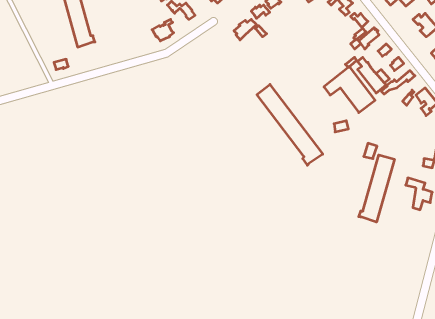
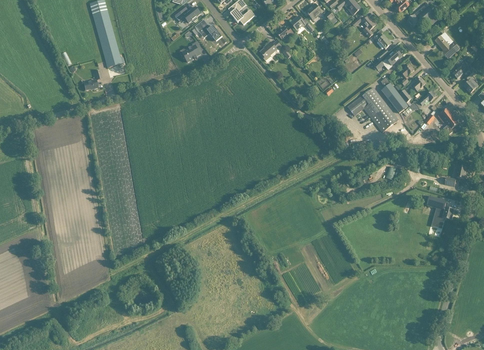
building: [257,84,323,165] -> none
building: [359,155,394,222] -> none

